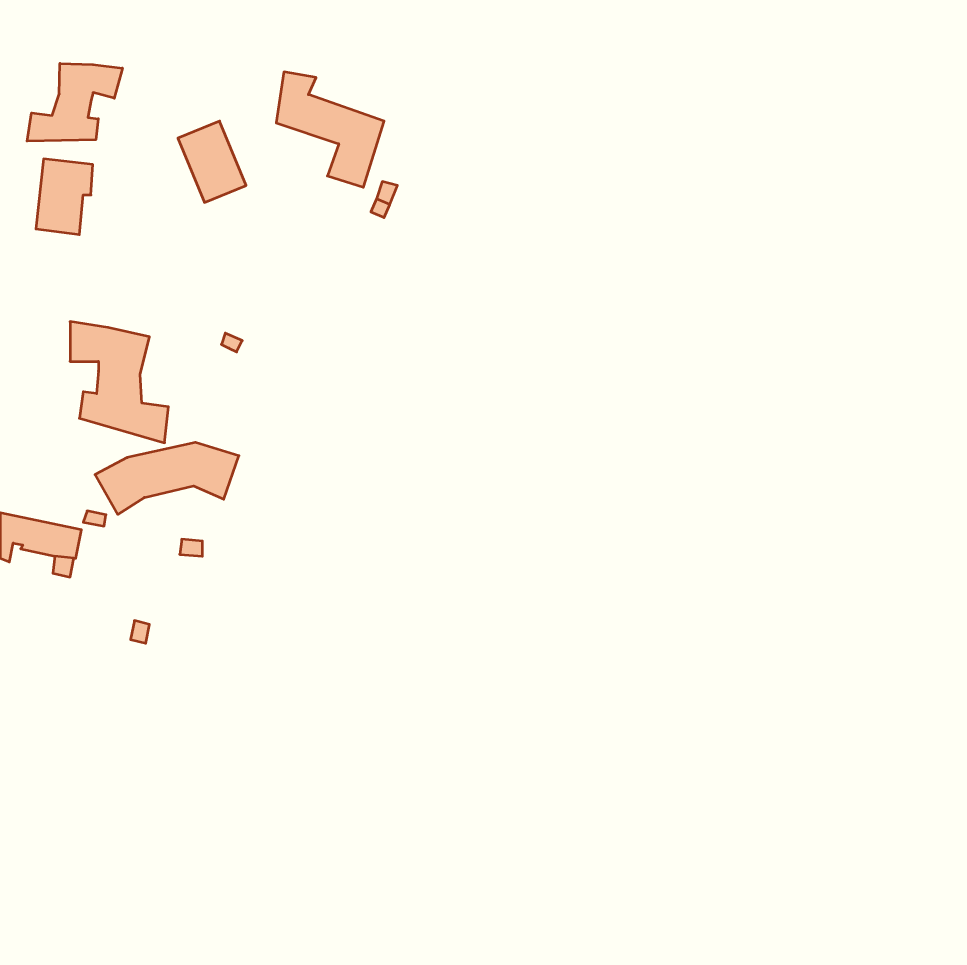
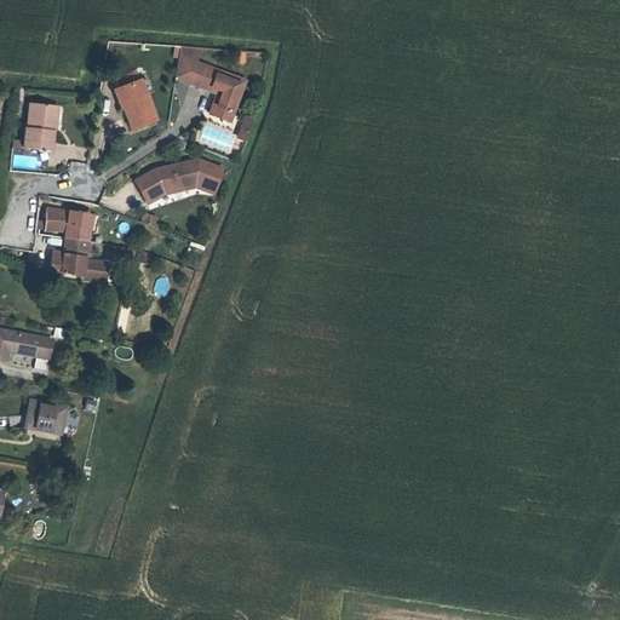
building: [27,63,122,141] -> none
building: [95,442,239,514] -> [133,159,225,205]
building: none -> [24,400,65,432]

